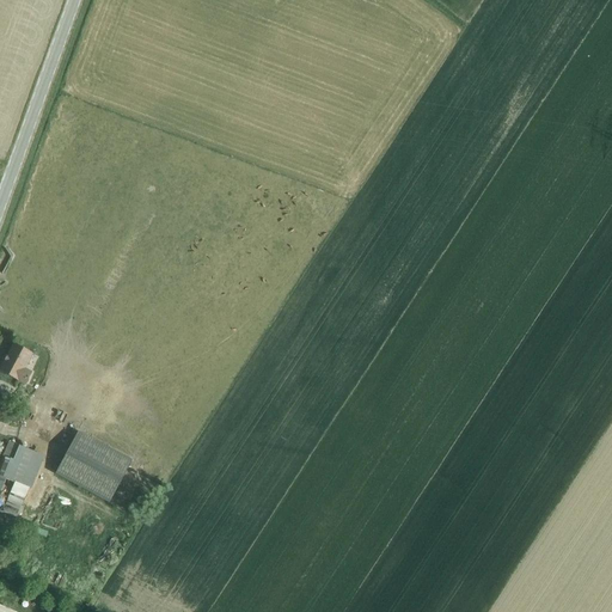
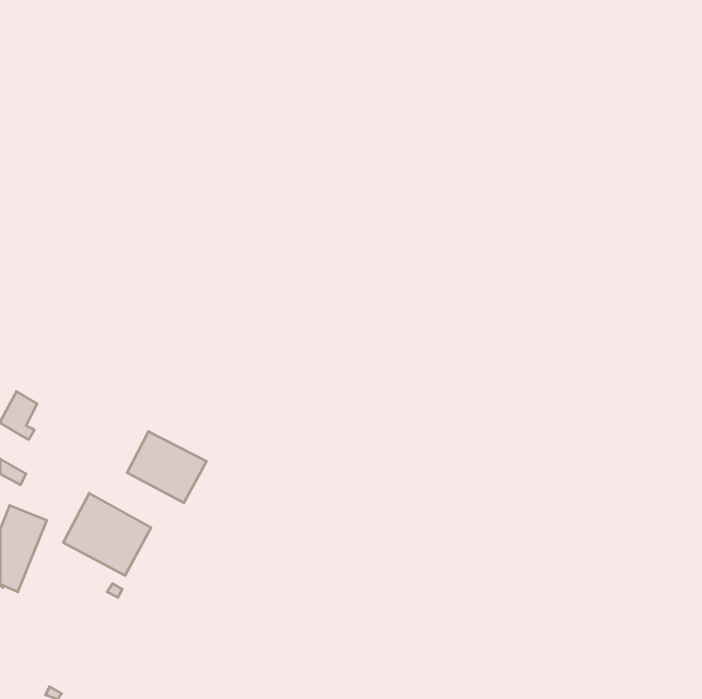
building: none -> [127,431,206,503]

